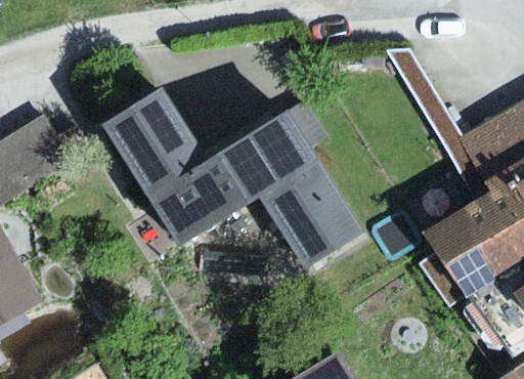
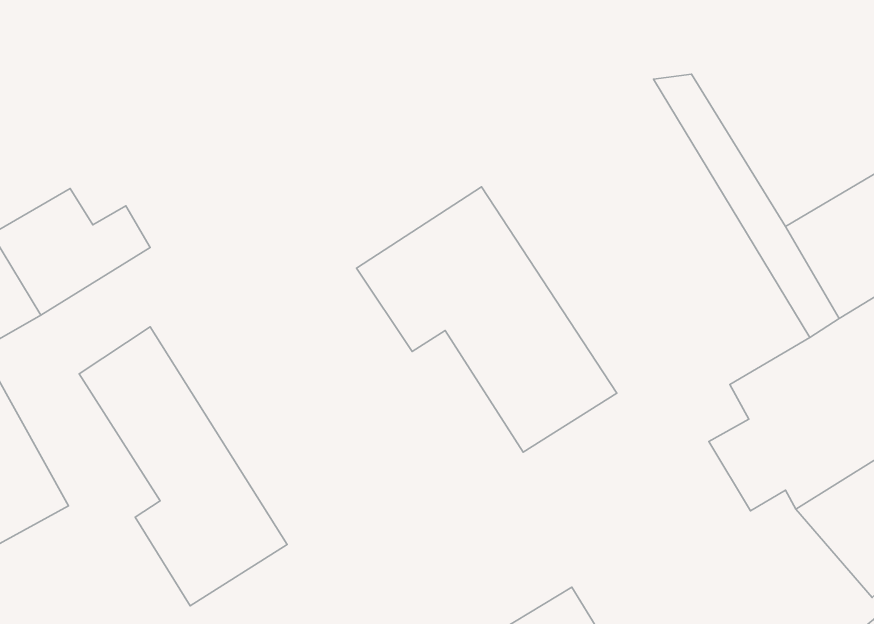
building: [103,87,244,250] -> none
building: none -> [79,327,287,606]

